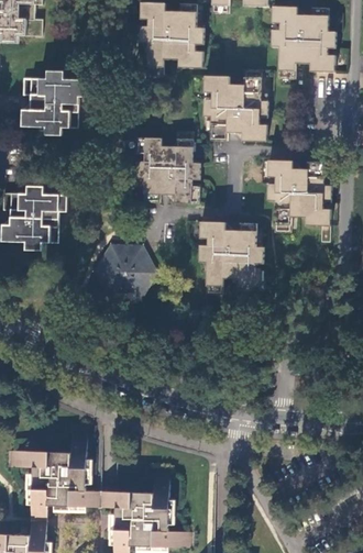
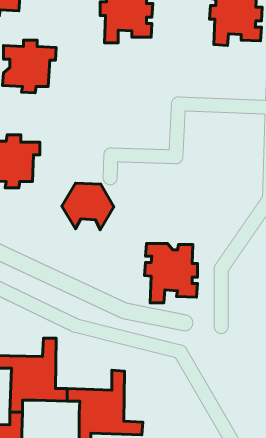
building: [204,69,267,142] -> none
building: [135,132,199,203] -> none
building: [266,159,329,232] -> none
building: [198,222,262,294] -> [145,243,197,303]

